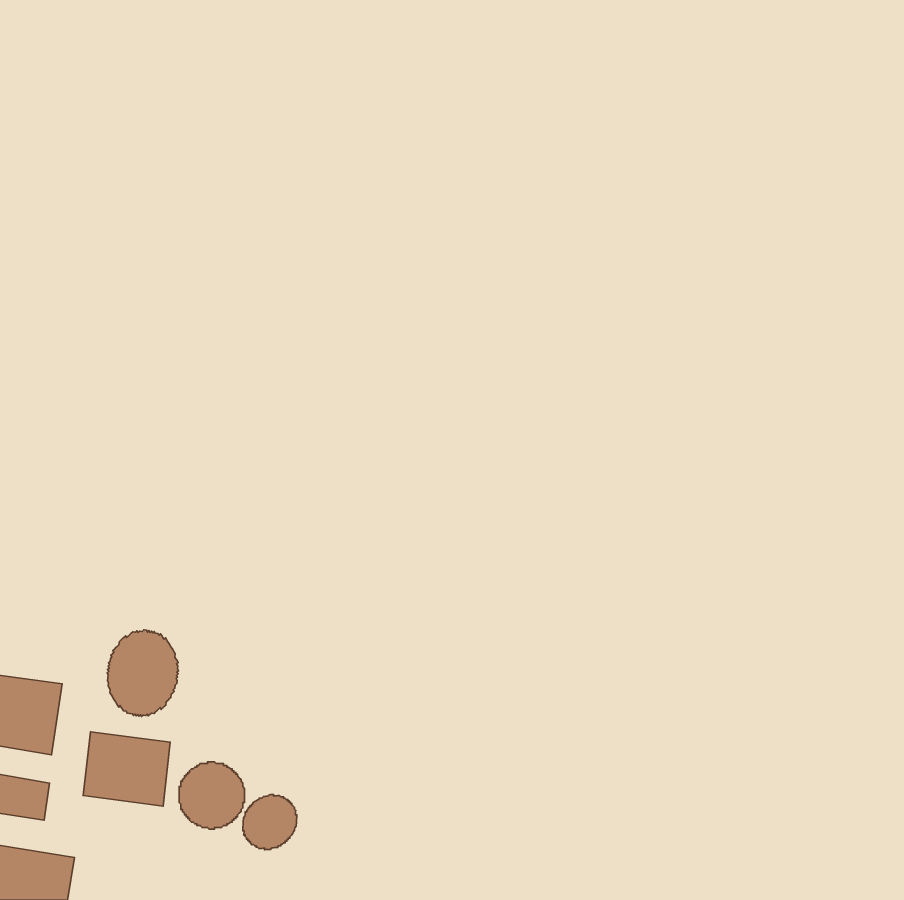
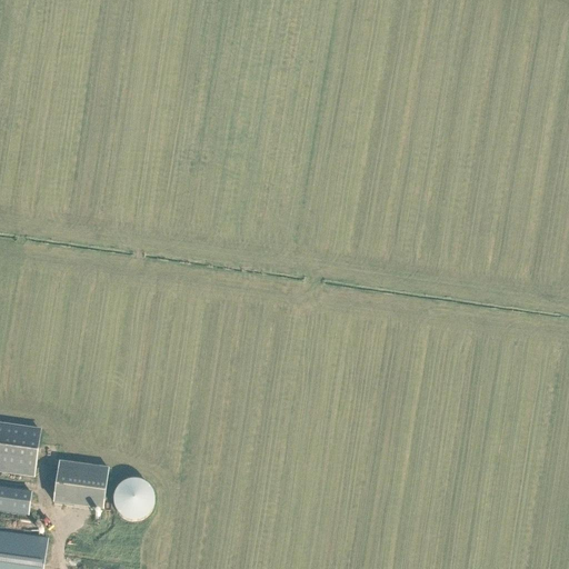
building: [107,630,178,717] -> none
building: [243,794,297,850] -> none

